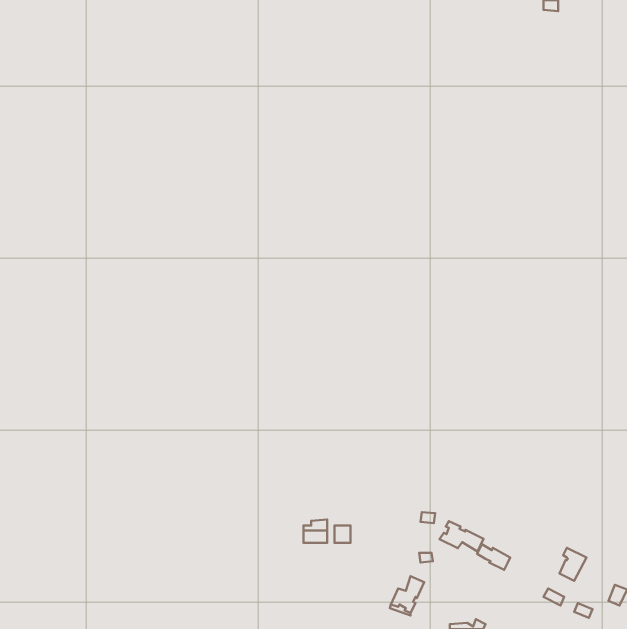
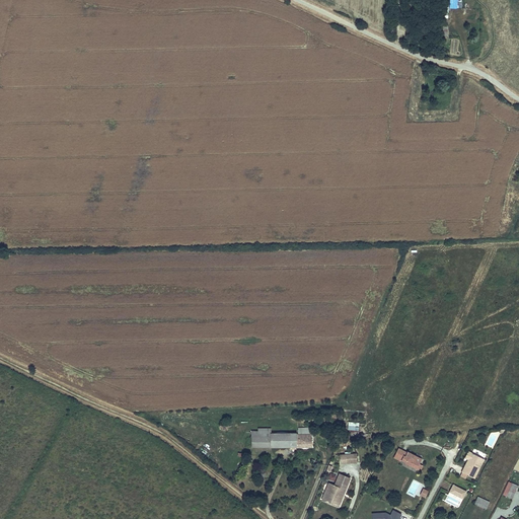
building: none -> [289,428,311,447]
building: [440,521,484,551] -> none

